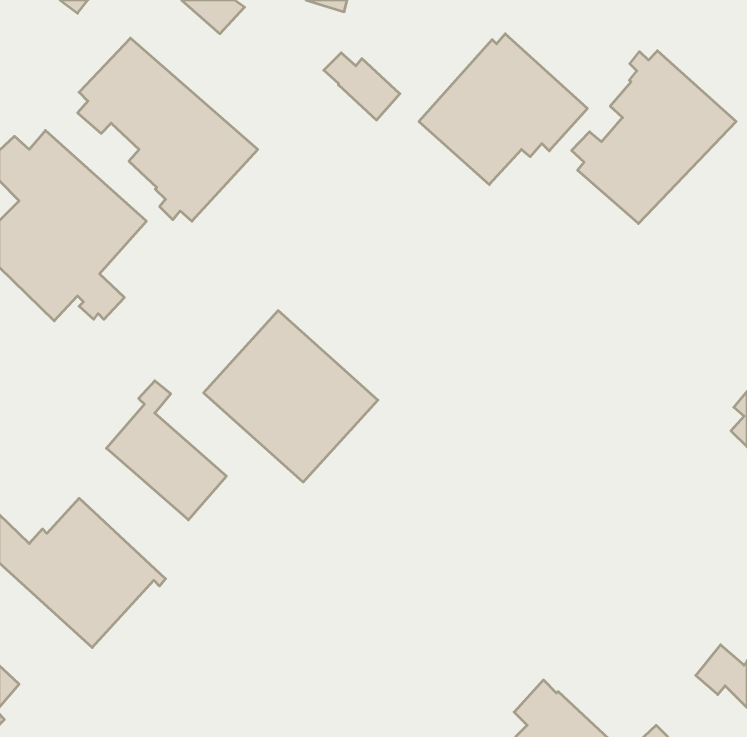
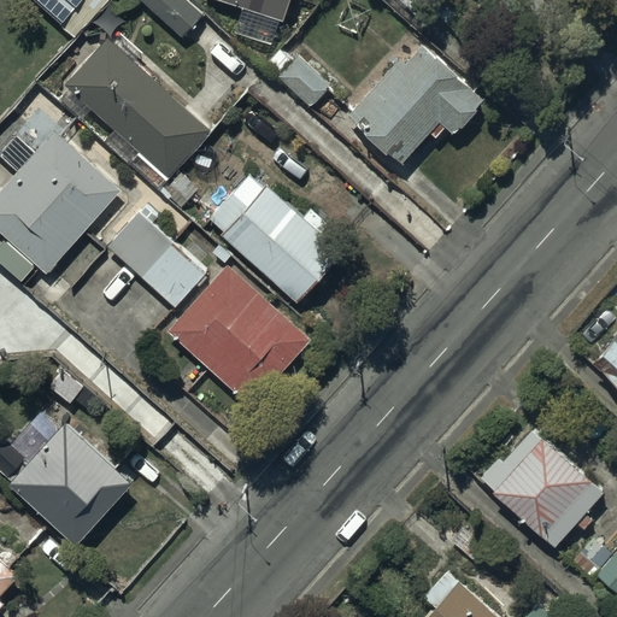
building: [572,51,736,224] -> none
building: none -> [212,175,342,300]
building: [106,381,226,520] -> [108,194,207,308]
building: none -> [481,428,604,543]

